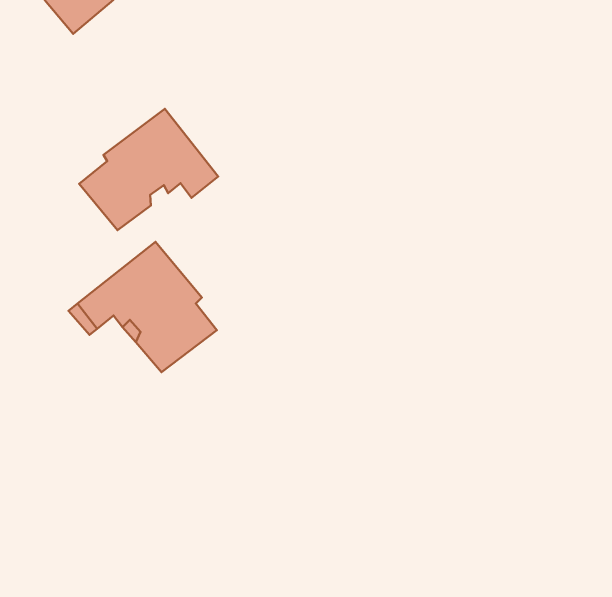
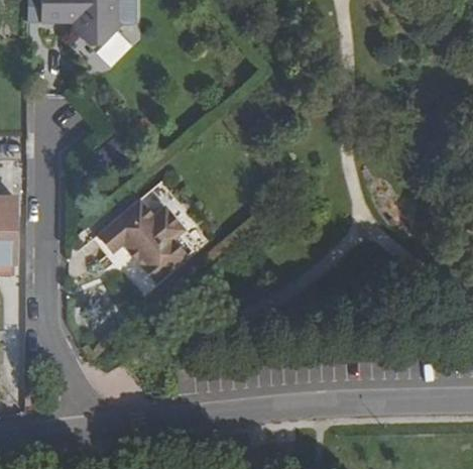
building: [79,109,218,230] -> none

